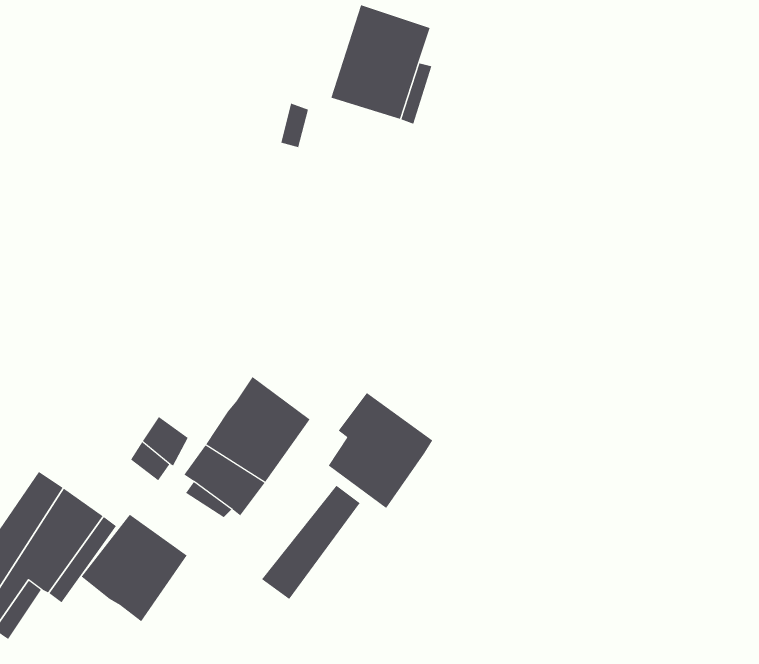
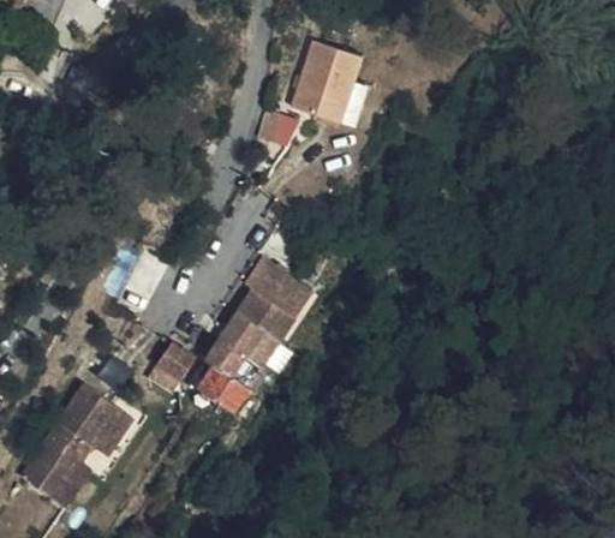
building: [328,392,433,509] -> [237,257,312,341]
building: [261,485,361,600] -> none
building: [81,514,187,622] -> none

